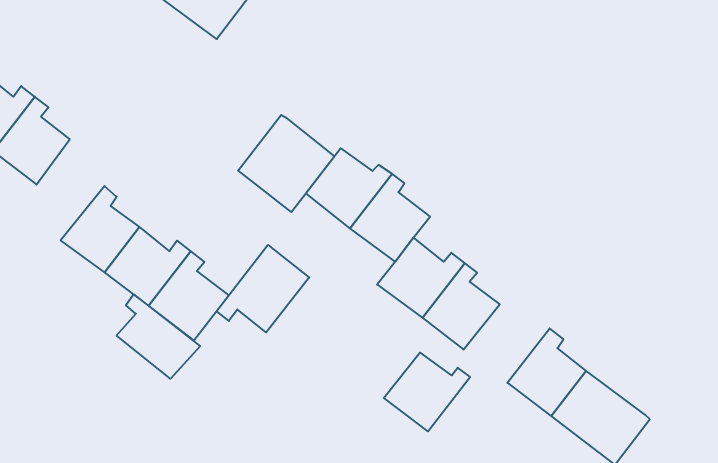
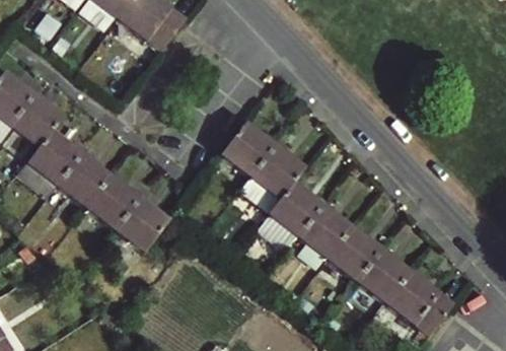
building: [238,115,334,212] -> none
building: none -> [28,131,85,184]
building: [216,245,309,332] -> none
building: [117,294,200,379] -> none
building: [384,353,470,431] -> [326,226,383,279]

